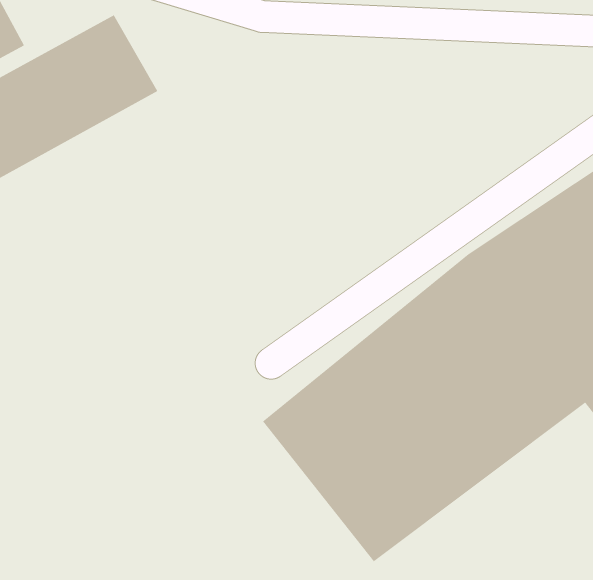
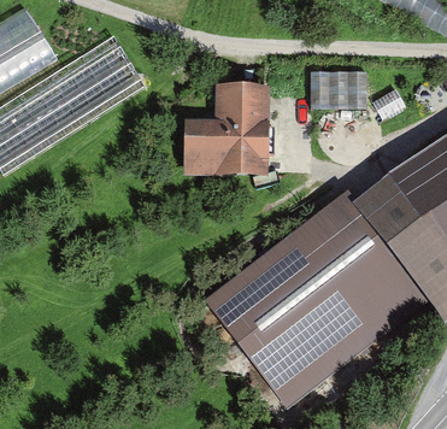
building: none -> [316,74,364,110]
building: none -> [181,81,270,176]

